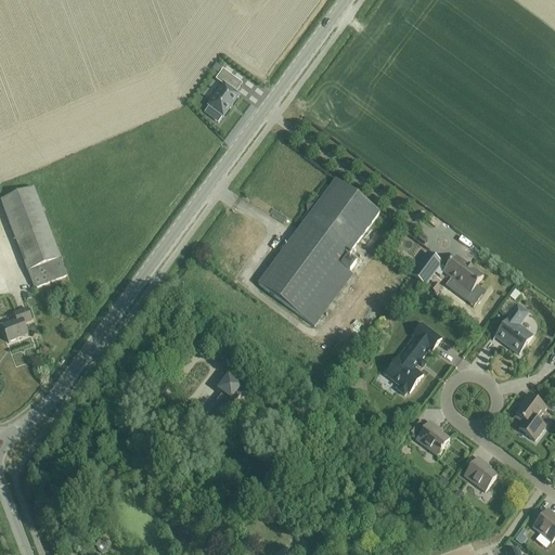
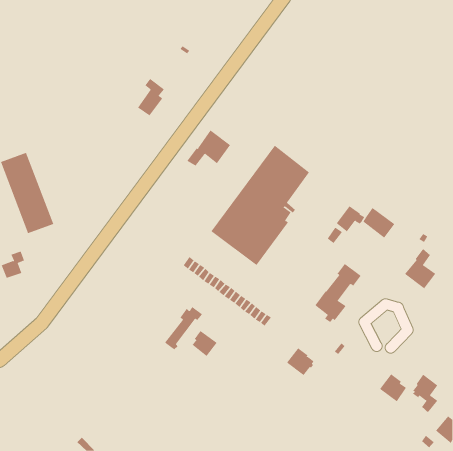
building: [207,67,241,114] -> [137,78,165,116]
building: none -> [186,129,231,167]
building: [514,391,545,439] -> [412,374,438,413]
building: none -> [192,330,217,357]
building: [414,420,449,454] -> [286,347,315,376]

